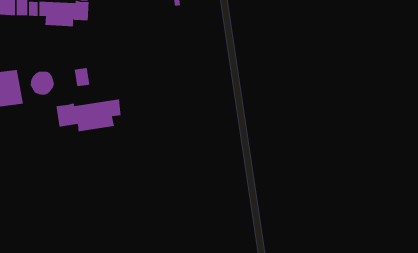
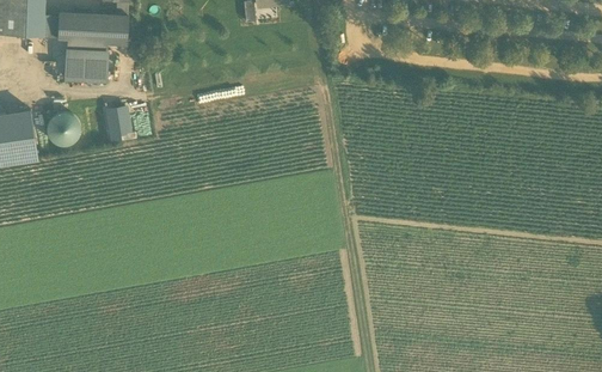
building: none -> [66,48,108,80]
building: [56,99,121,132] -> none

